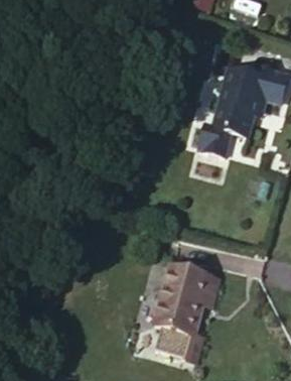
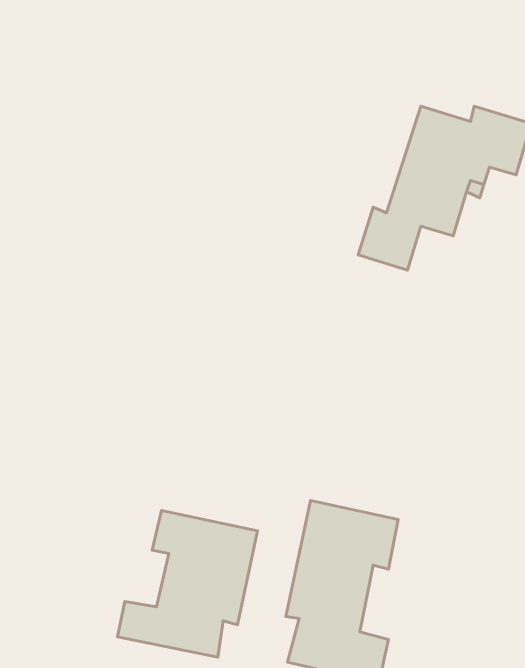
building: none -> [117,511,257,657]

